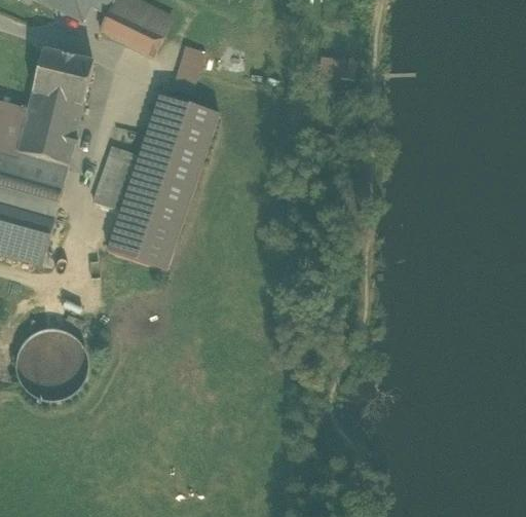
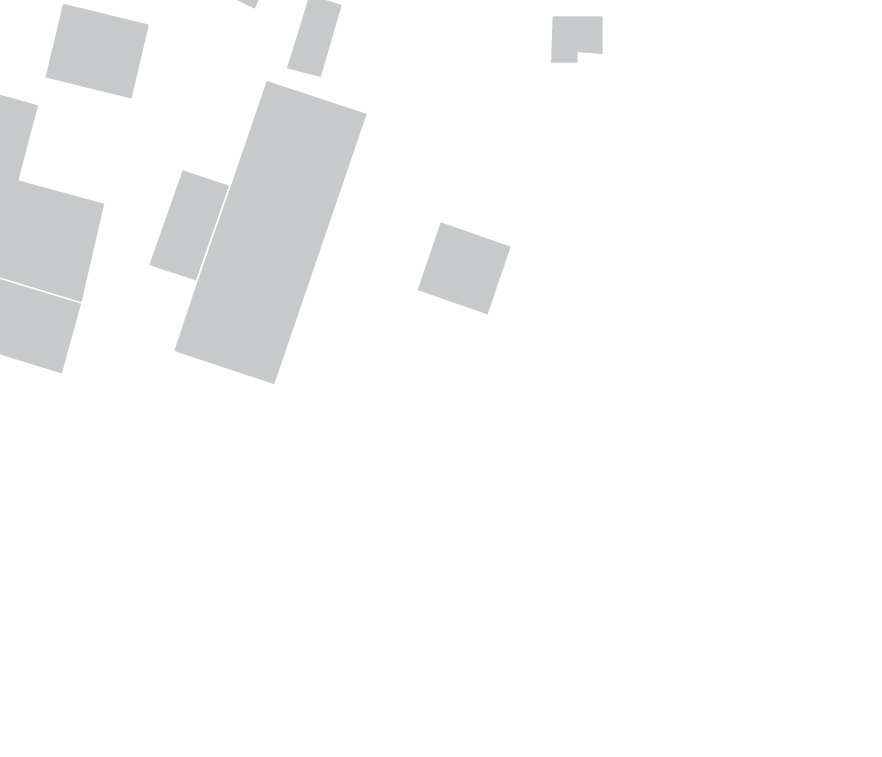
building: [17,93,82,164] -> none
building: none -> [416,221,512,315]
building: [15,328,86,399] -> none

